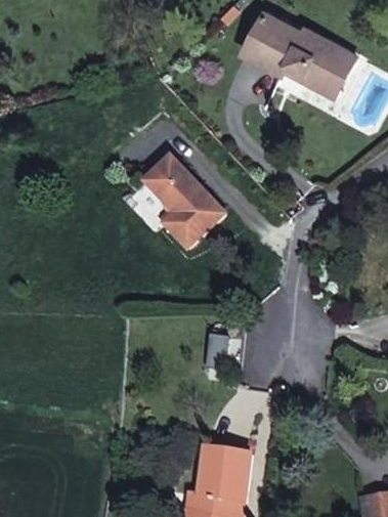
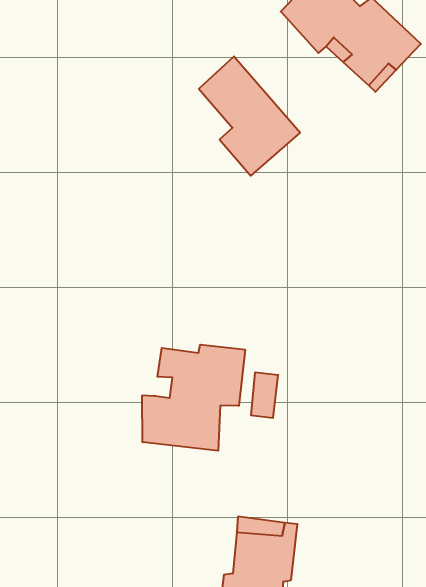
building: [144,149,224,244] -> [199,56,300,176]
building: none -> [142,345,245,451]

